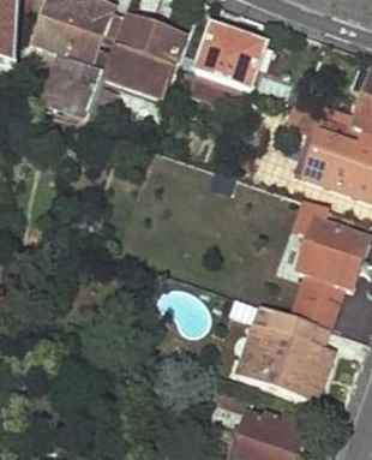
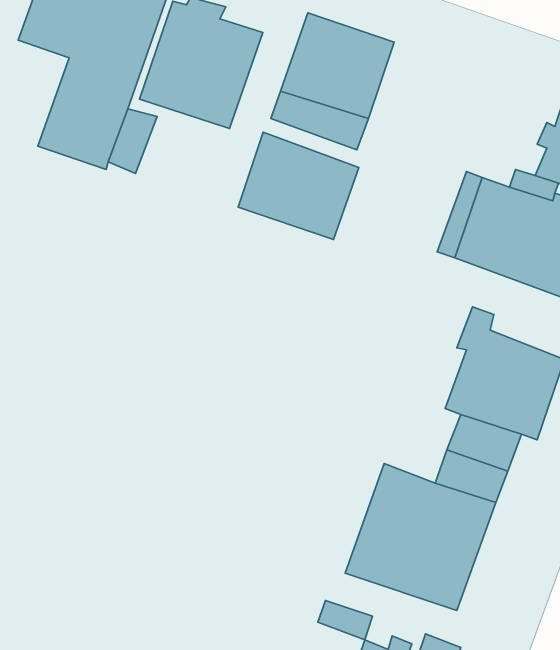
building: none -> [238,132,359,240]

